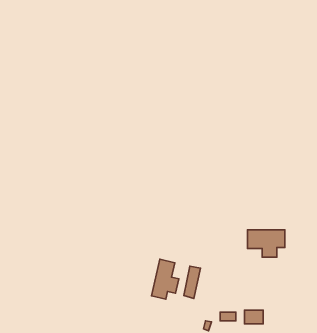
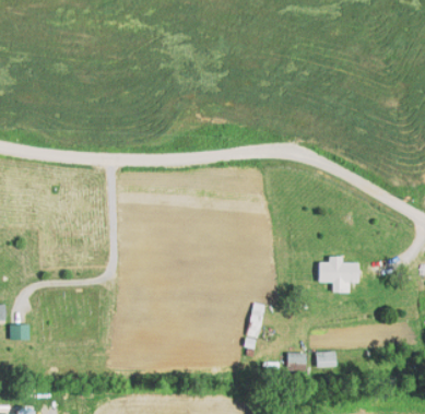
building: [152,259,179,299] -> none

